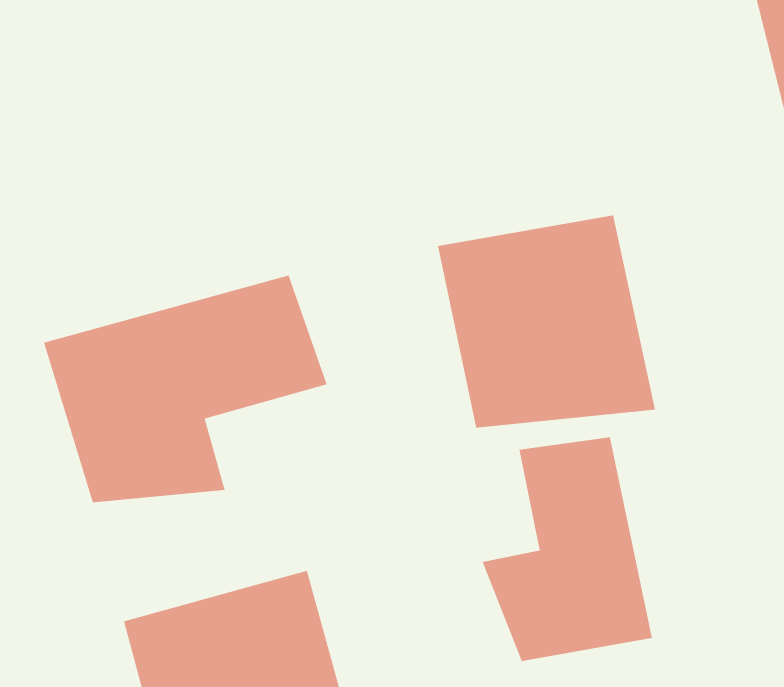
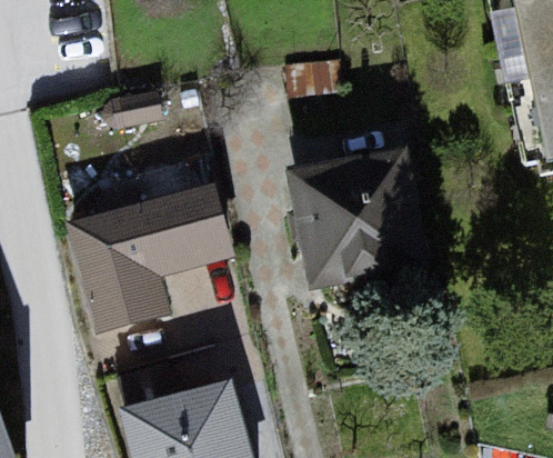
building: [482,437,653,662] -> none

